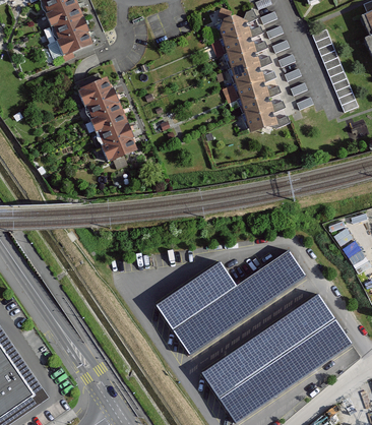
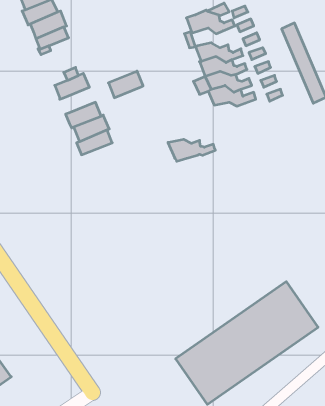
building: [221,35,268,55] -> none
building: [87,95,123,122] -> [108,71,143,98]
building: [242,111,291,133] -> [168,139,215,161]
building: [157,251,304,353] -> none

